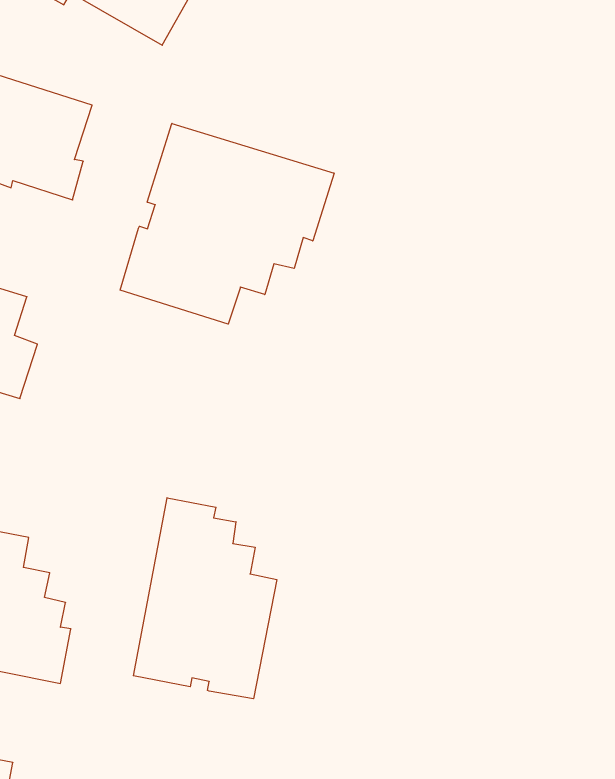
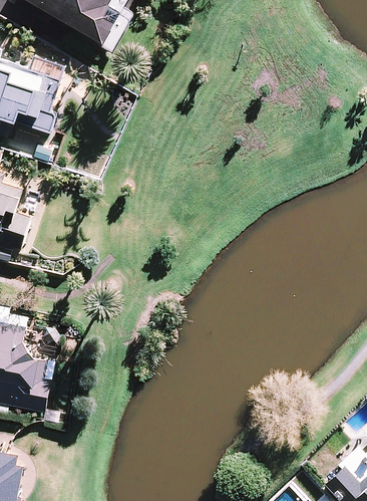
building: [120,123,334,324] -> none
building: [133,498,277,699] -> none

